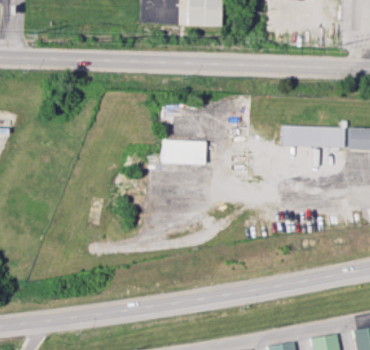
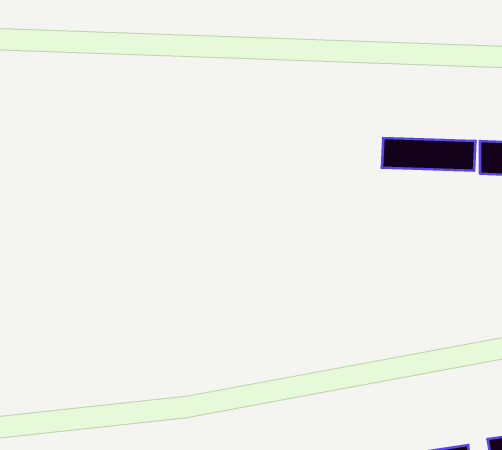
building: [161,140,206,164] -> none

